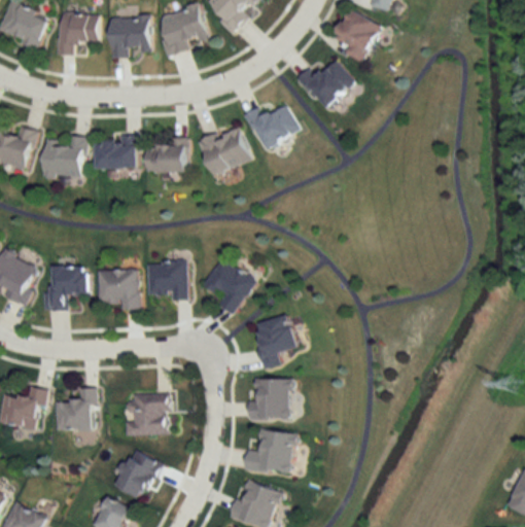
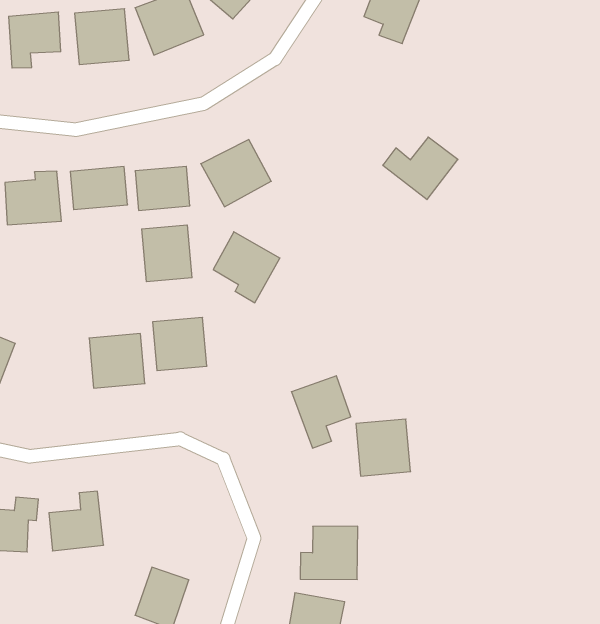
building: [296,61,355,109] -> [383,137,458,200]
building: [245,104,300,149] -> none
building: none -> [142,225,192,282]
building: [204,257,256,314] -> [213,232,280,303]
building: [48,266,89,310] -> none
building: [251,379,290,420] -> [356,419,411,476]
building: [126,393,171,435] -> none

